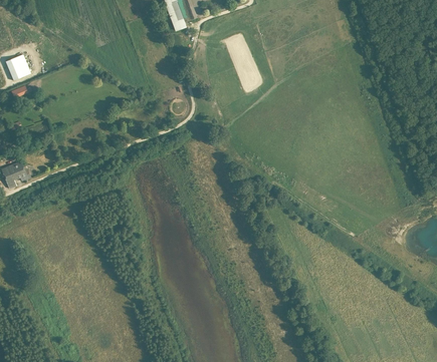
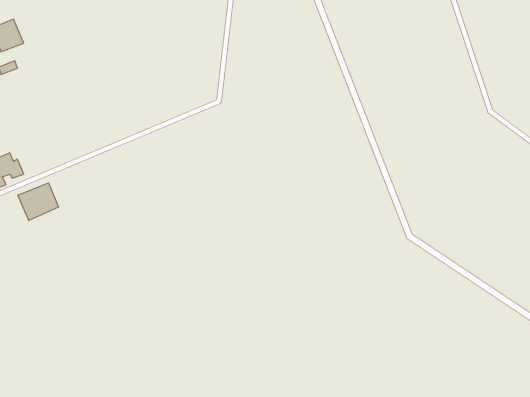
building: none -> [18,183,58,221]

